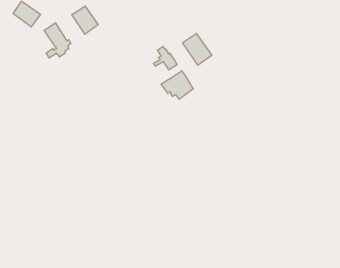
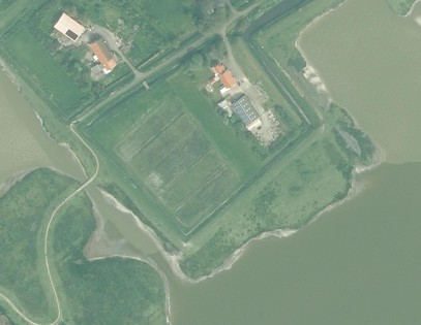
building: [72,6,98,34] -> none
building: [183,34,212,65] -> none

